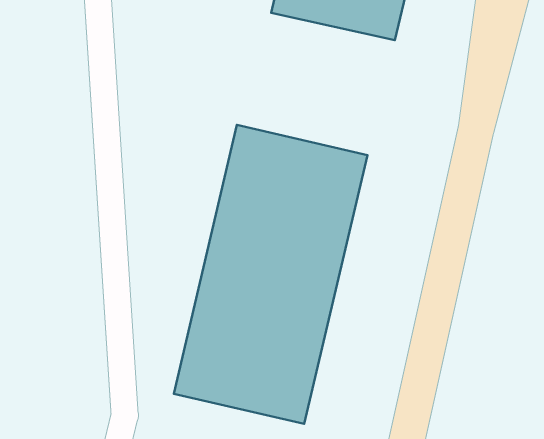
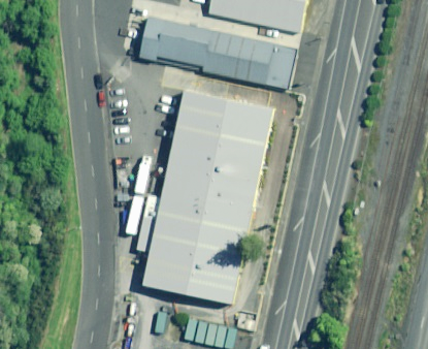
building: none -> [137,12,297,91]

